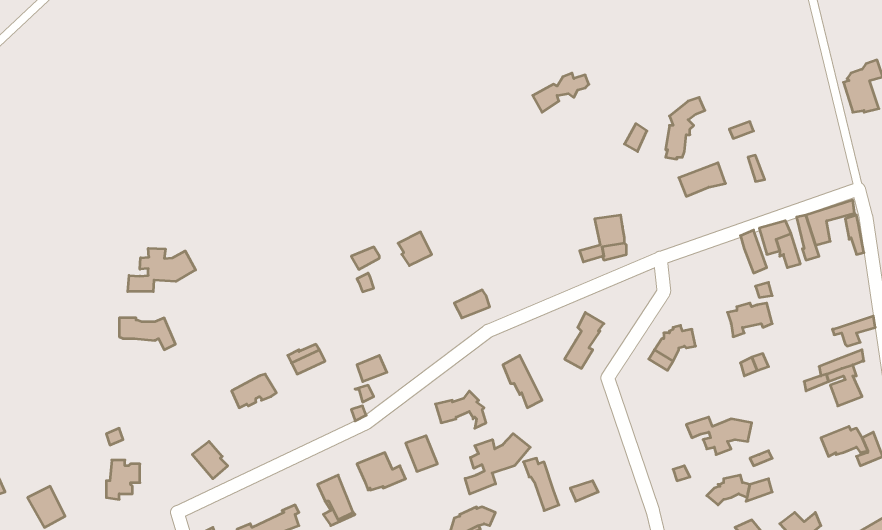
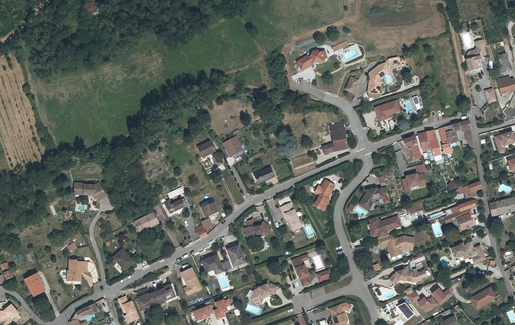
building: [128,248,196,292] -> none
building: none -> [371,215,401,239]
building: [465,434,530,494] -> none

